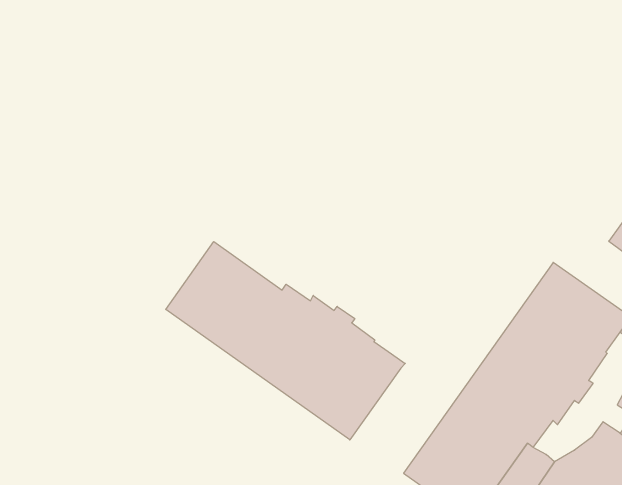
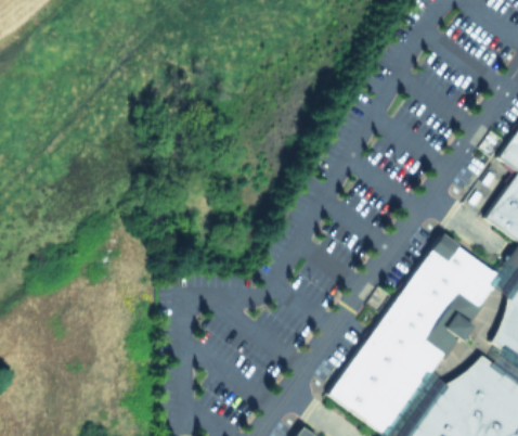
building: [166,242,405,440] -> none

